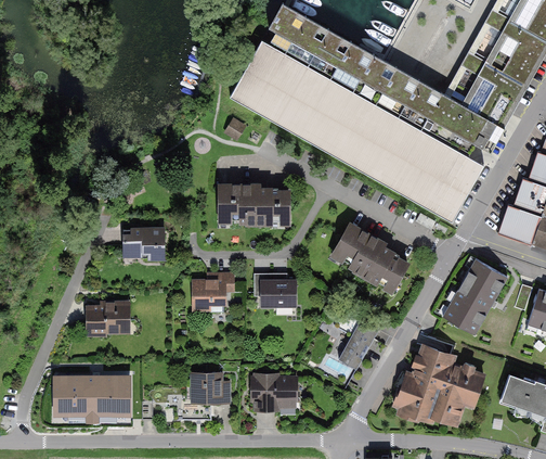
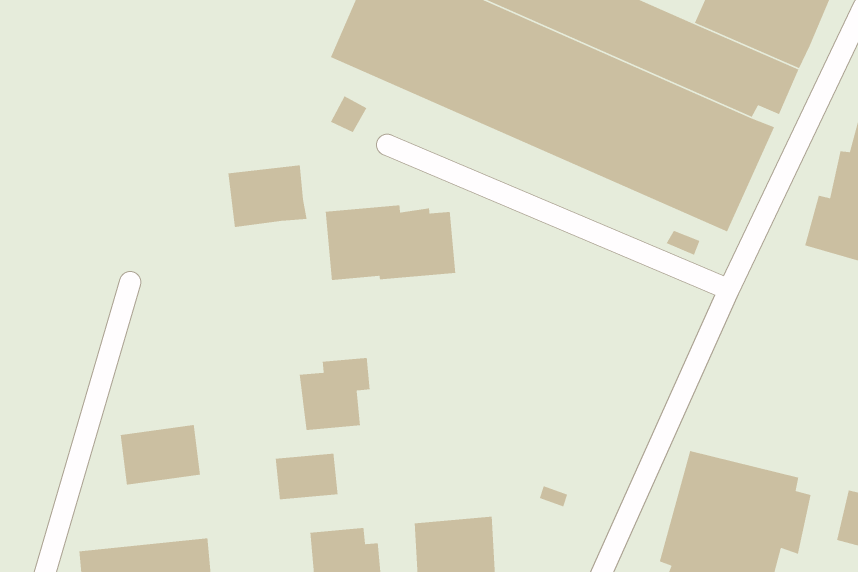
building: [331,226,412,296] -> none
building: [121,228,166,262] -> [228,165,307,228]
building: [439,258,506,337] -> none
building: [253,276,299,307] -> none
building: [339,320,377,368] -> none
building: none -> [275,453,338,500]

